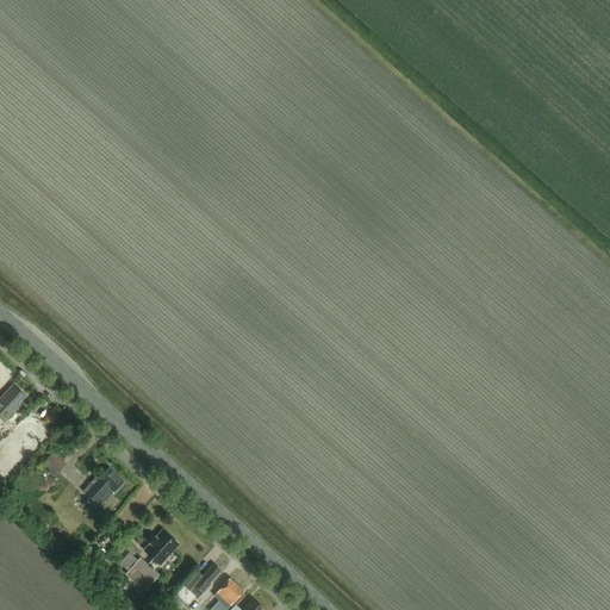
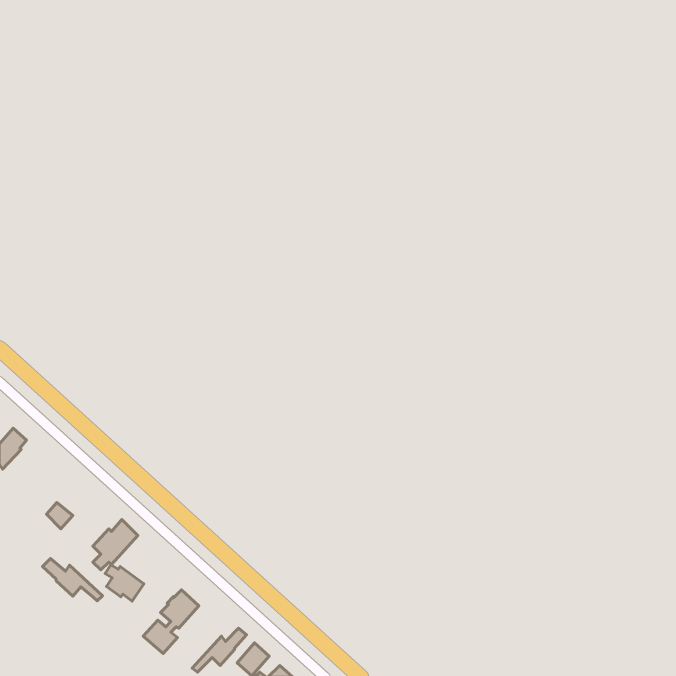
building: none -> [43,559,103,601]
building: none -> [105,565,144,601]

